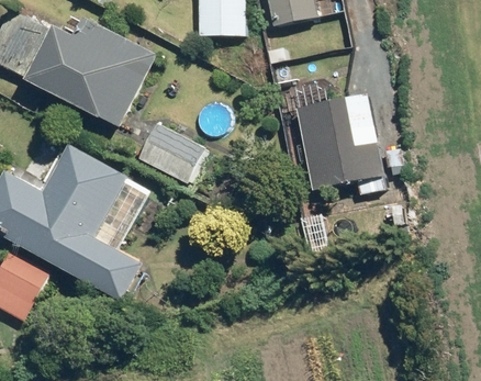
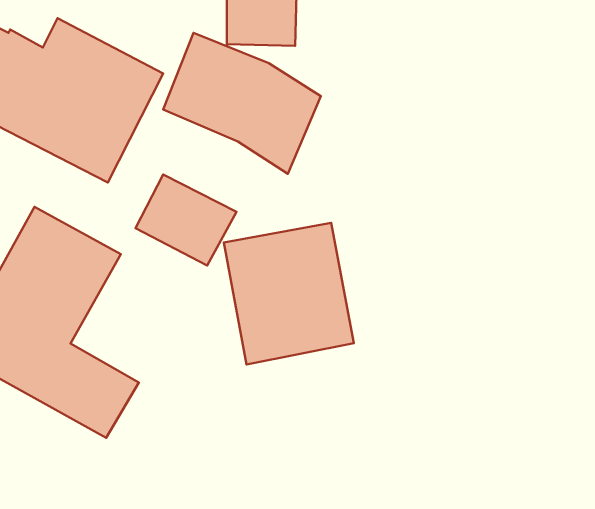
building: none -> [163,33,321,174]
building: [295,93,383,189] -> [224,223,354,364]

